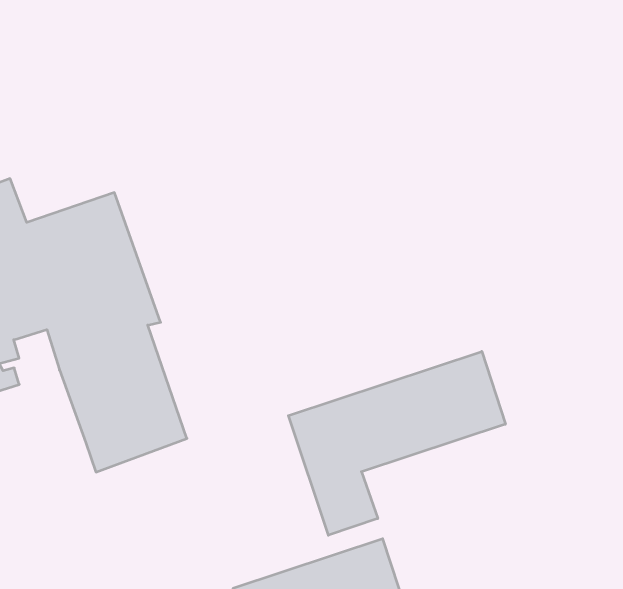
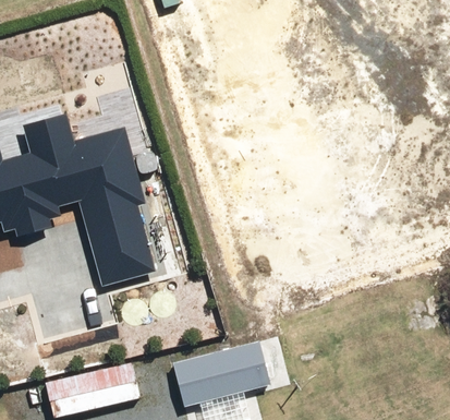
building: [288,351,505,535] -> none

